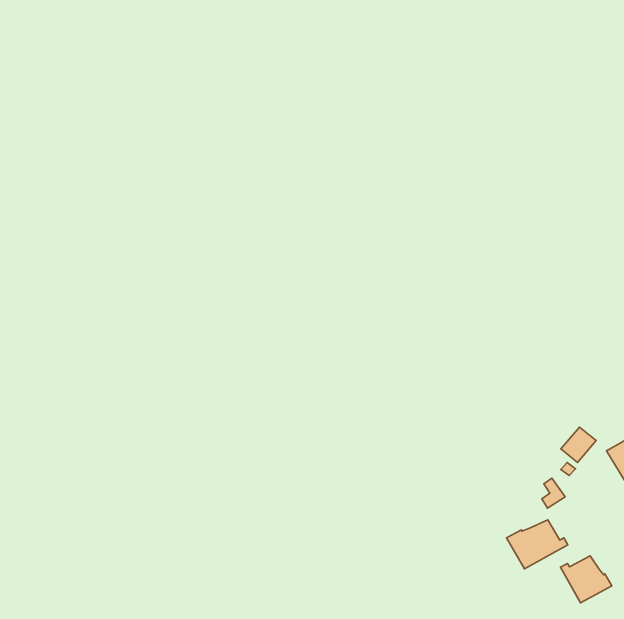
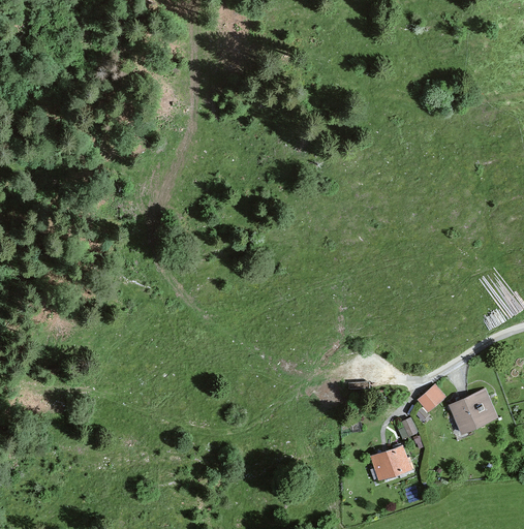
building: [561,556,612,603] -> none

